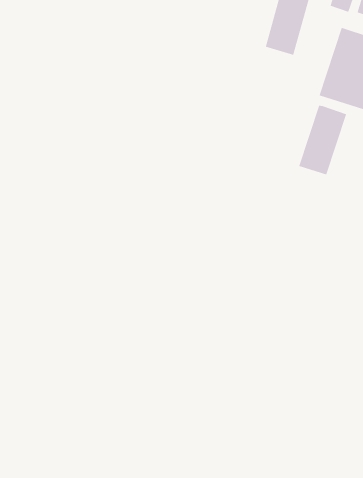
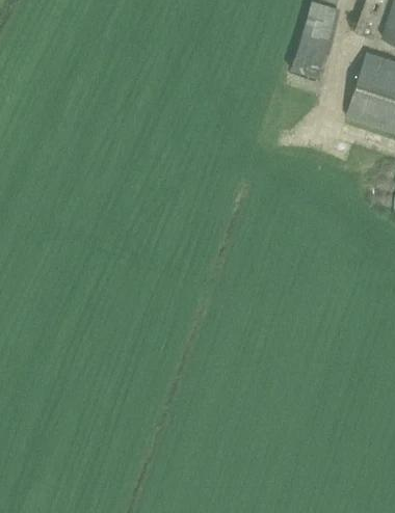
building: [298,105,347,175] -> none

